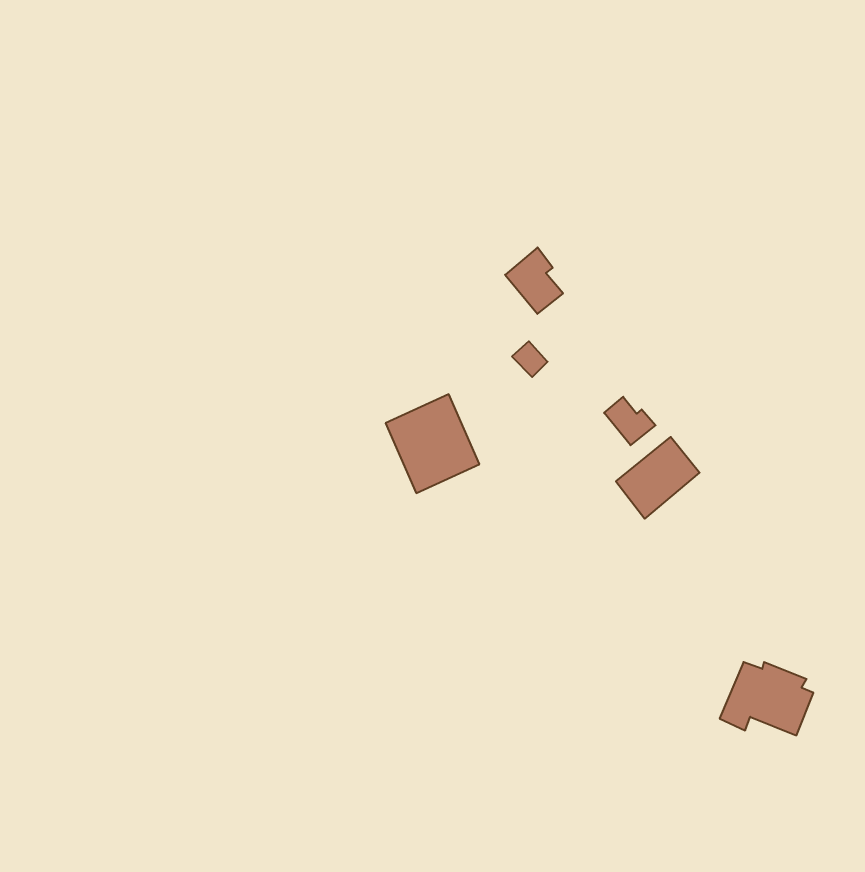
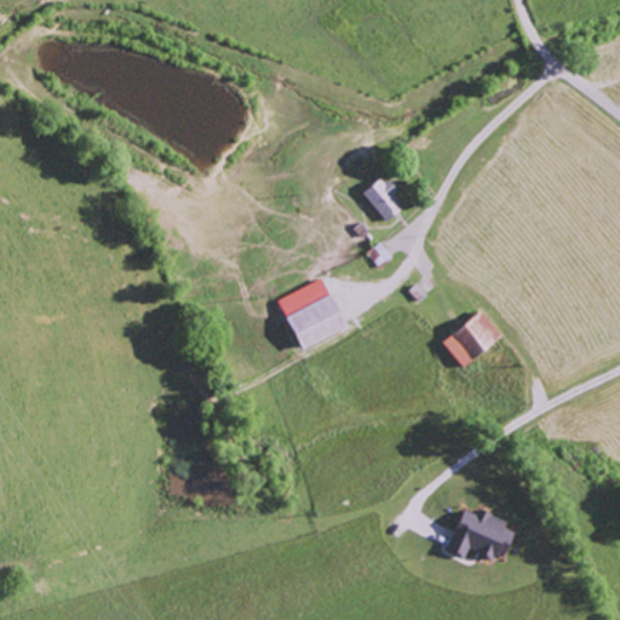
building: [604,397,656,445] -> none
building: [720,662,813,735] -> [447,510,513,562]

